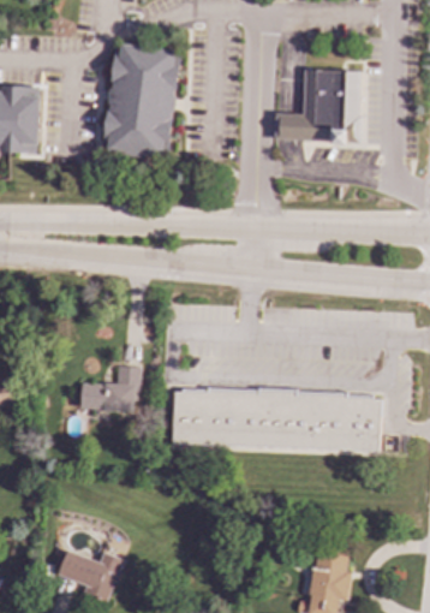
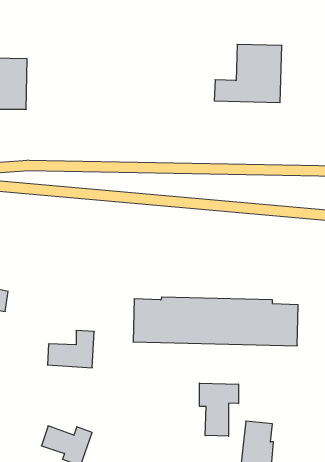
building: [104,43,181,157] -> none
building: [80,365,139,412] -> [47,331,94,368]
building: none -> [200,383,238,436]

